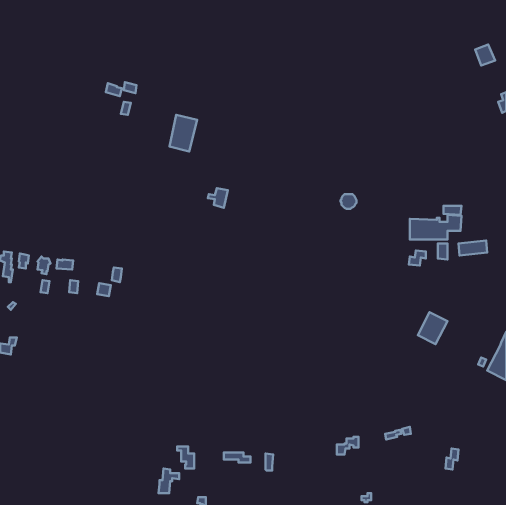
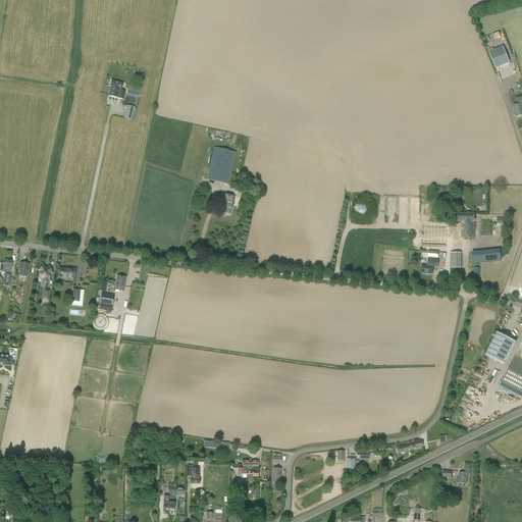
building: [169,115,197,151] -> [207,146,236,184]
building: [418,312,447,344] -> [485,331,516,364]

